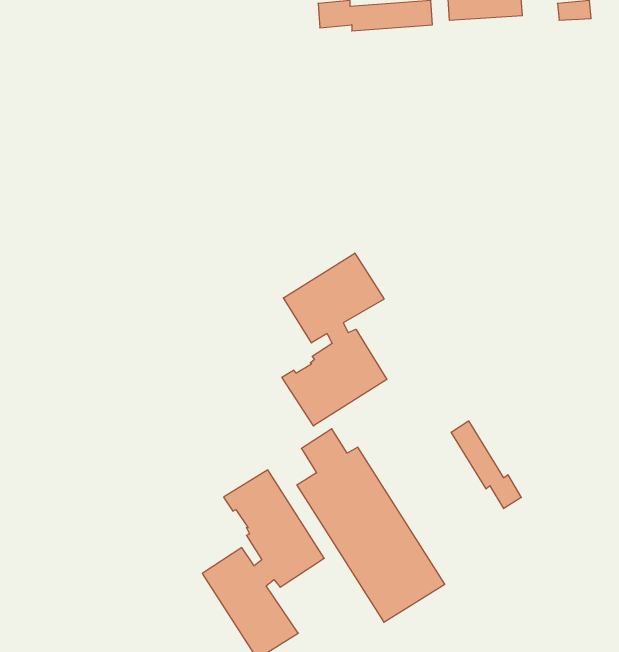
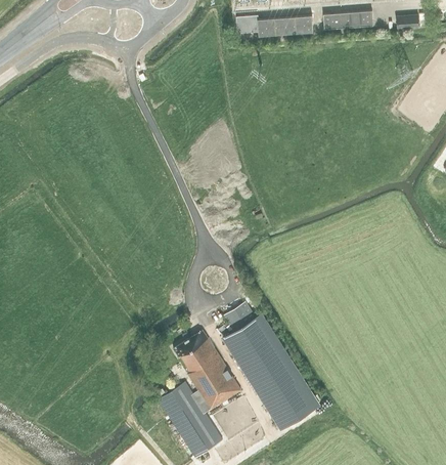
building: [282,253,387,426] -> none
building: [451,421,521,509] -> none

